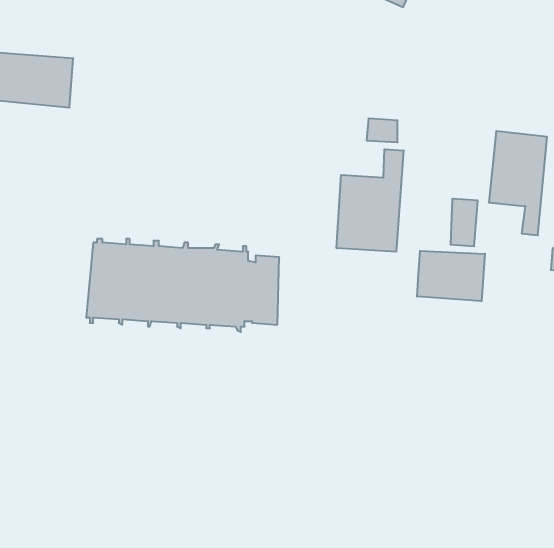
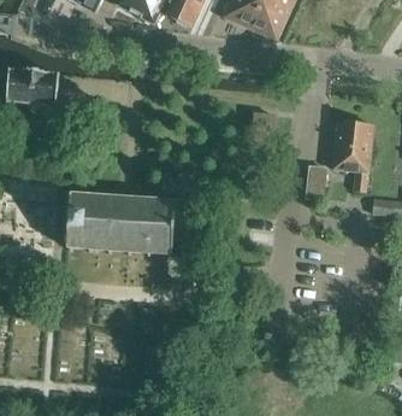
building: [337,149,404,252] -> none
building: [417,251,485,301] -> none

